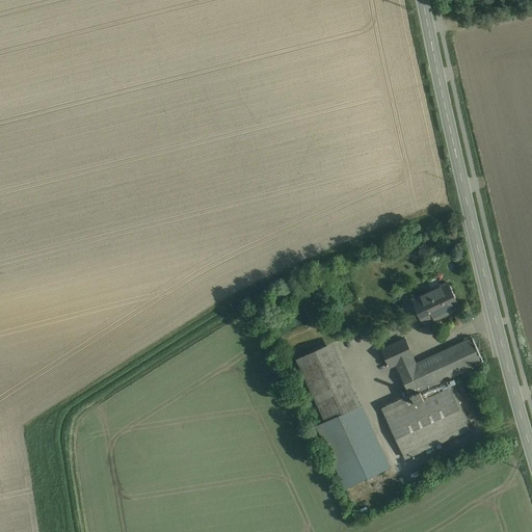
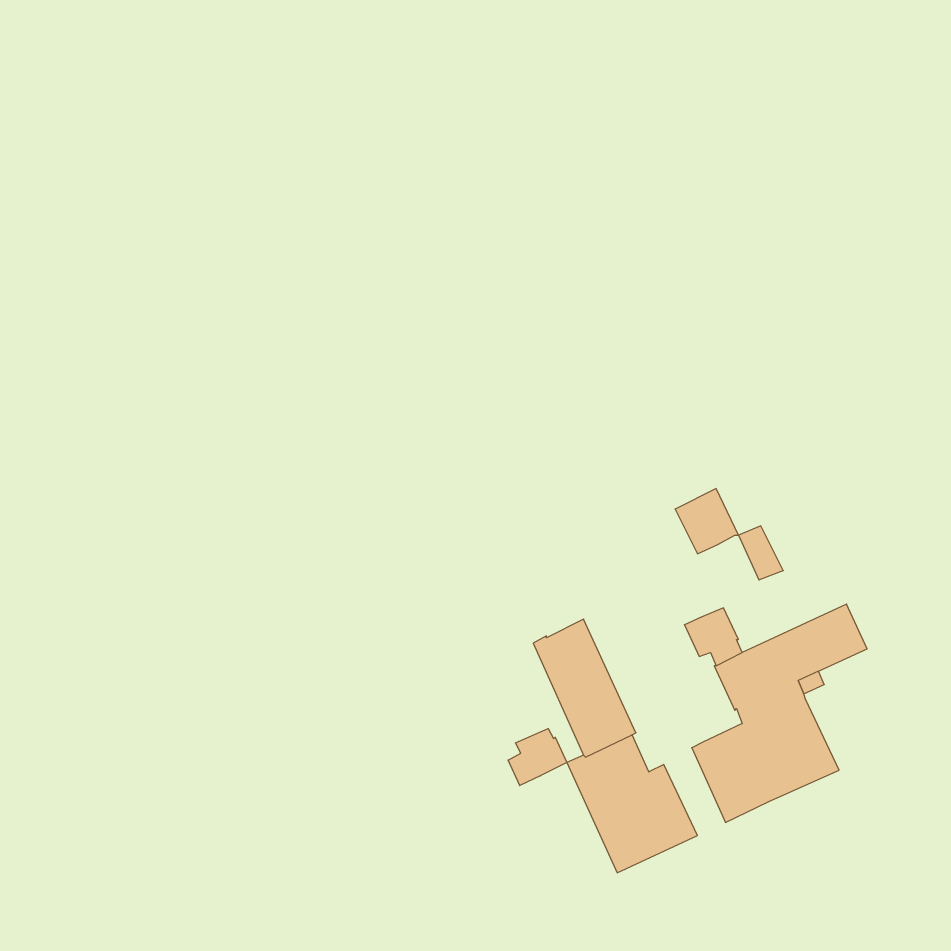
building: [424,282,459,318] -> [675,489,738,554]
building: none -> [508,729,567,786]

